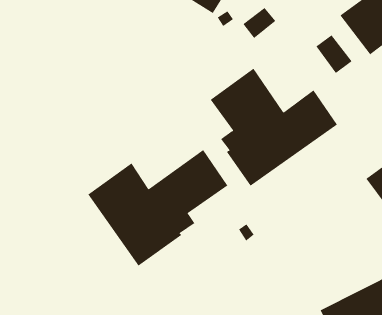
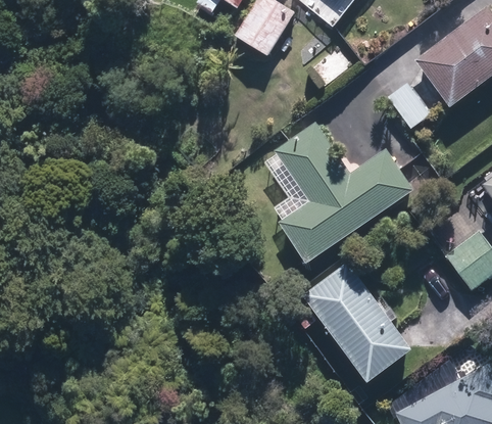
building: [88,149,228,266] -> none
building: none -> [302,261,413,383]

